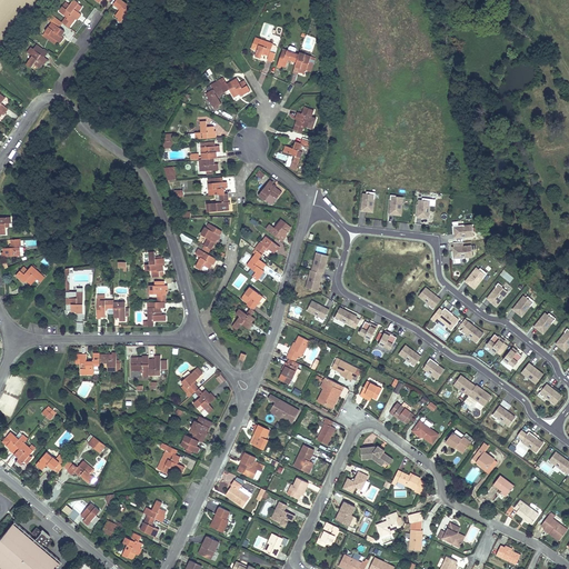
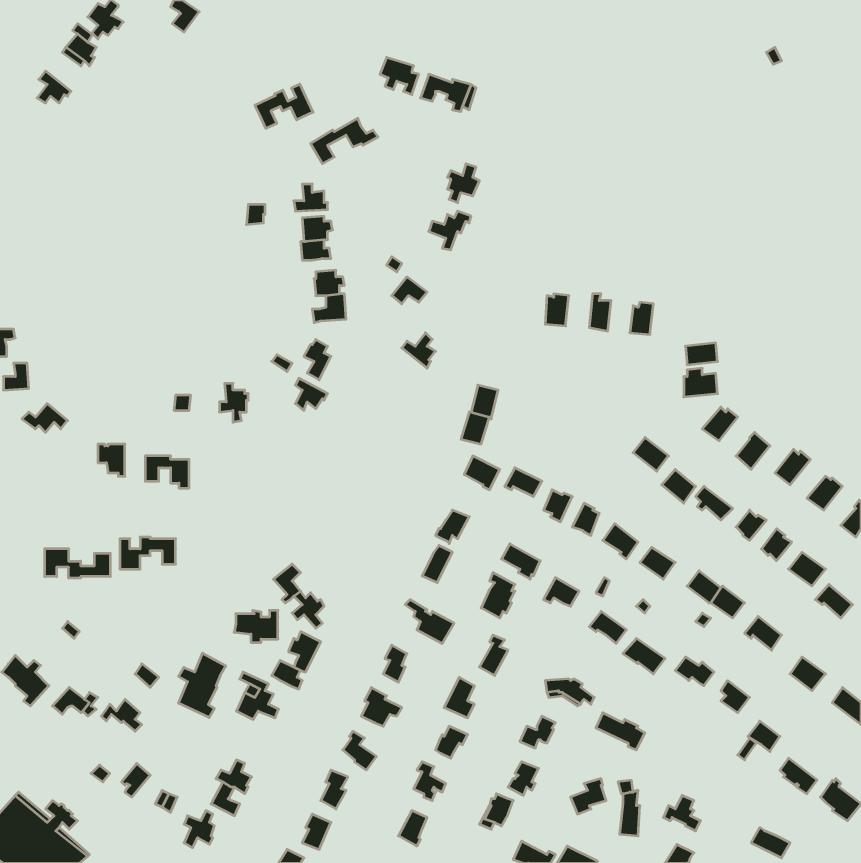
building: none -> [255,84,313,128]
building: [246,236,278,280] -> none
building: [147,286,166,327] -> none
building: [231,287,262,330] -> none
building: [130,356,159,377] -> [234,610,278,642]
building: none -> [45,549,110,578]
building: none -> [179,653,226,718]

